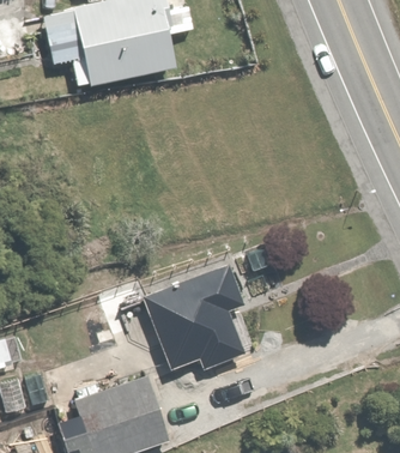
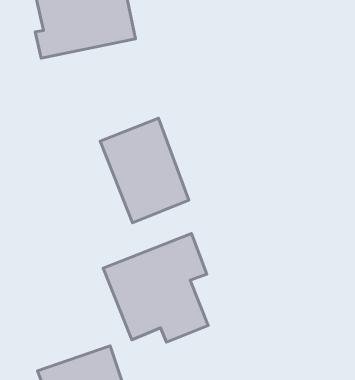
building: none -> [100,118,189,223]

